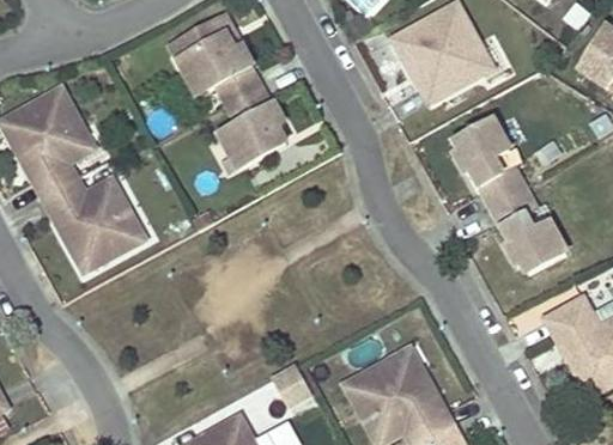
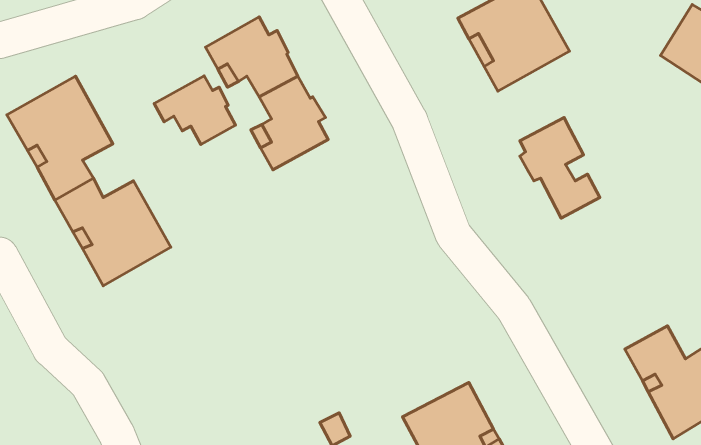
building: none -> [154,76,236,145]
building: [487,190,563,275] -> none

